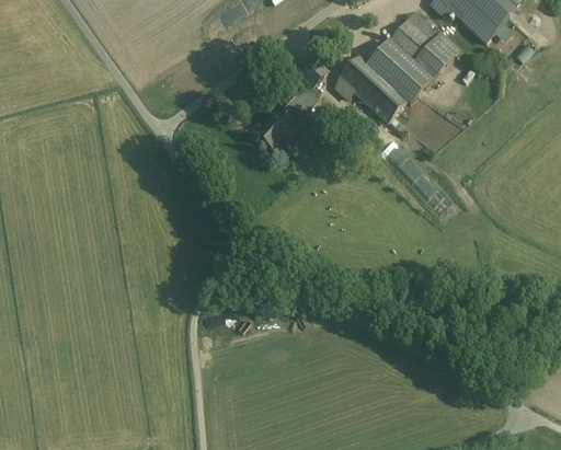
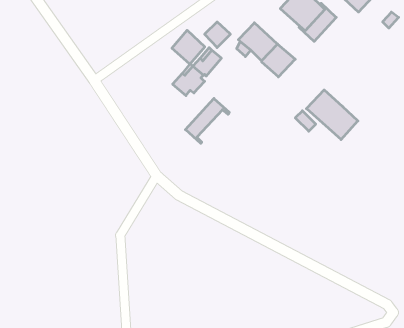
building: [366,41,430,102] -> [306,90,358,140]
building: none -> [172,30,205,64]
building: none -> [185,98,229,143]

